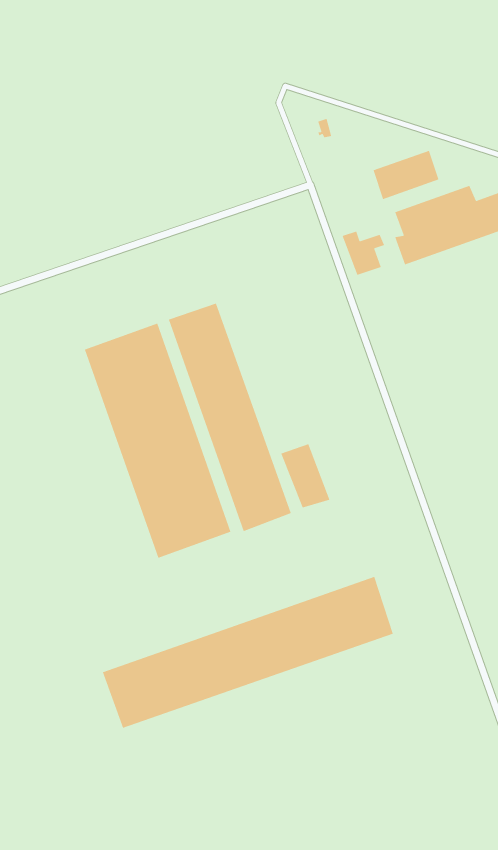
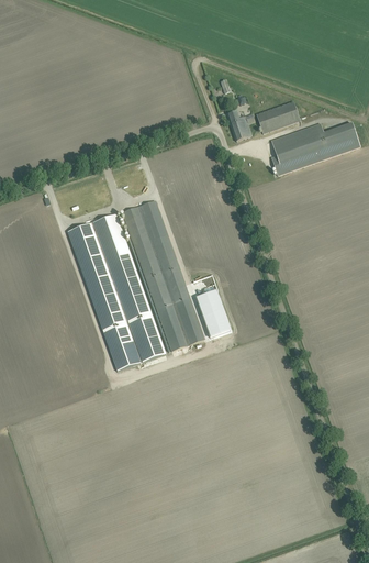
building: [342,231,385,276] -> [226,111,255,141]
building: [102,576,394,729] -> none

